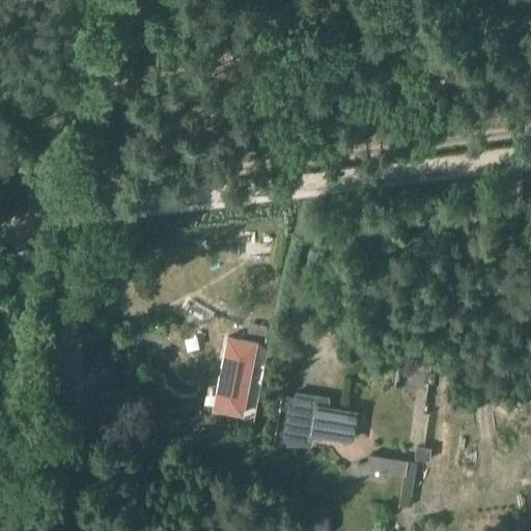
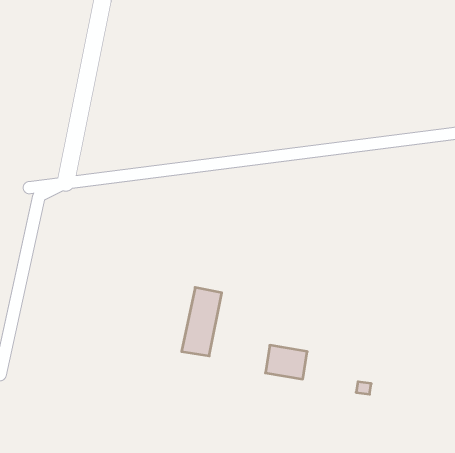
building: [284,393,328,448] -> none
building: [367,456,418,500] -> none

